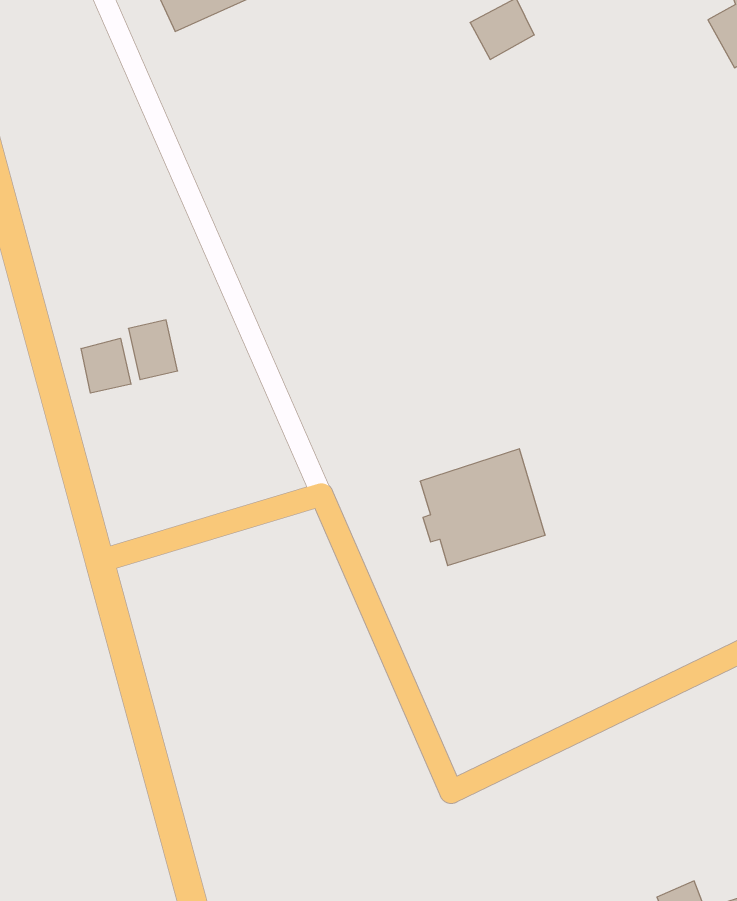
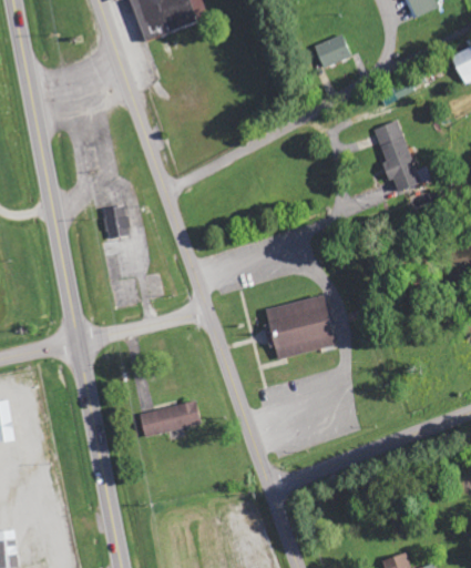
building: none -> [372,121,431,193]
building: [81,338,131,393] -> none
building: none -> [139,400,201,437]

